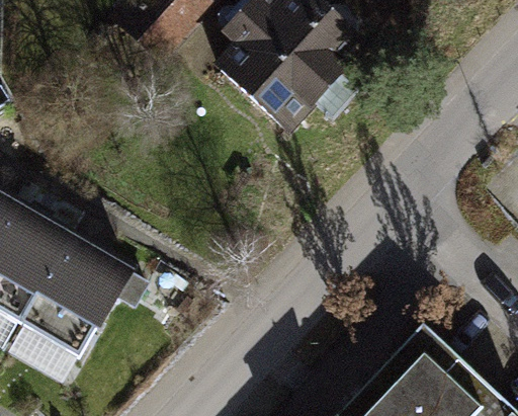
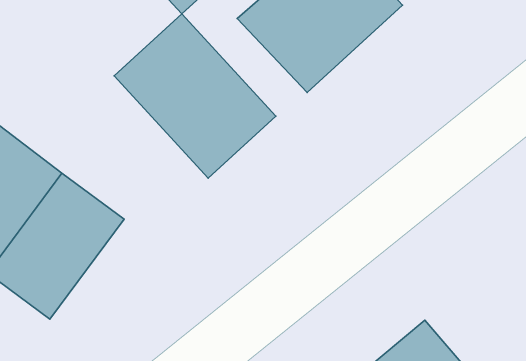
building: none -> [114,14,276,178]

